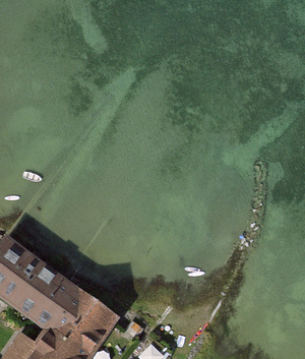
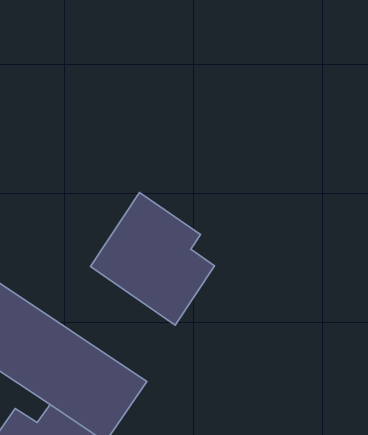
building: none -> [90,193,215,325]

